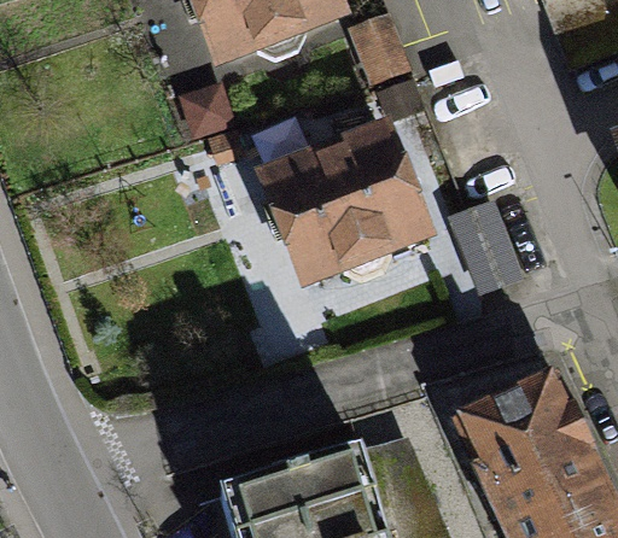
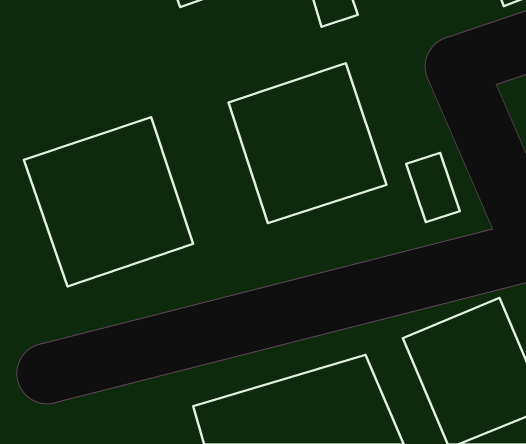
building: none -> [24,117,193,286]

